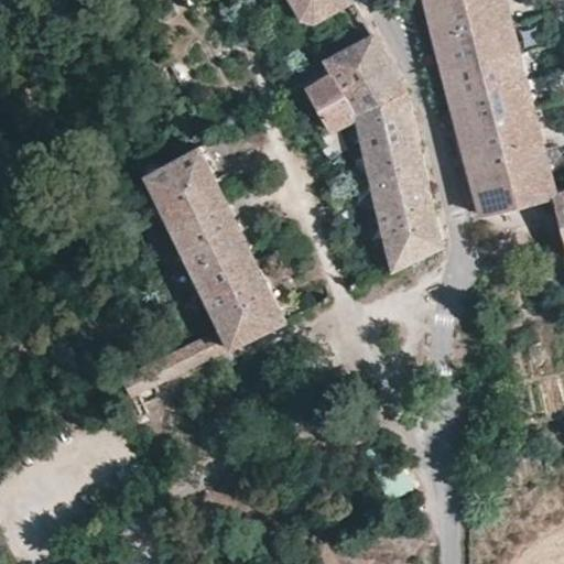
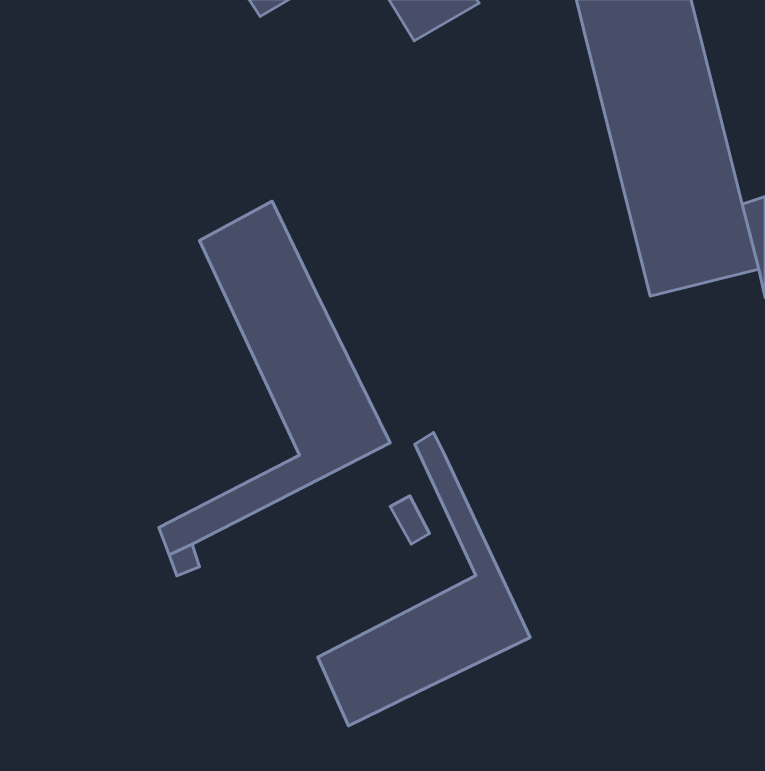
building: [305,34,440,269] -> none
building: none -> [318,433,530,726]

